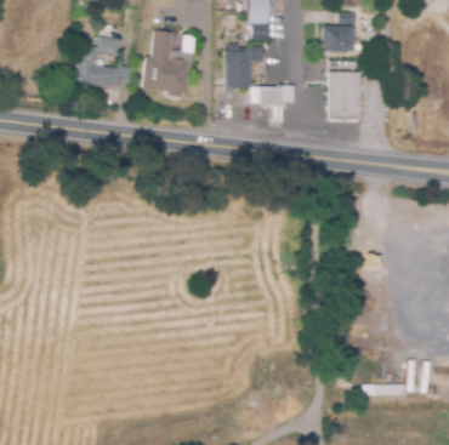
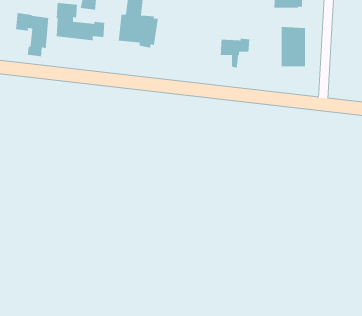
building: [226,46,262,86] -> none
building: none -> [15,12,49,57]

